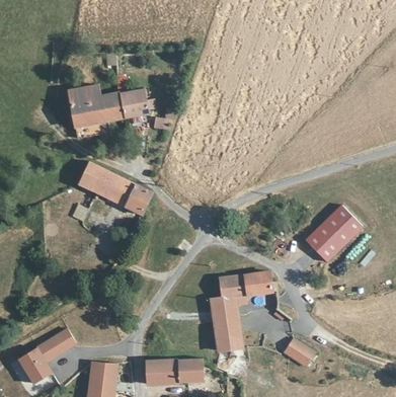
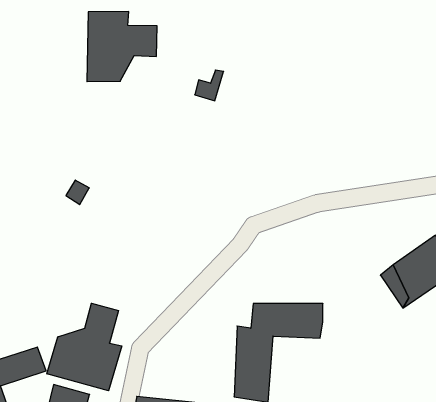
building: [118,85,150,110] -> none
building: [74,158,150,215] -> none
building: none -> [47,303,122,391]

